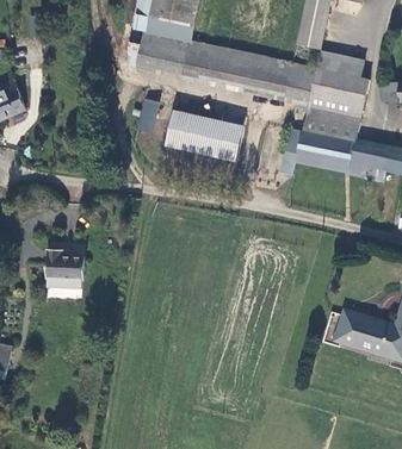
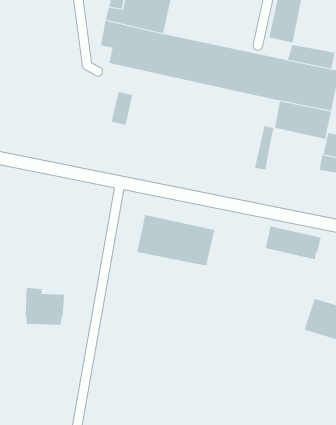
building: [163,107,243,160] -> [136,214,215,266]
building: [297,135,354,169] -> [265,226,321,260]
building: [43,243,84,281] -> [25,288,65,325]

